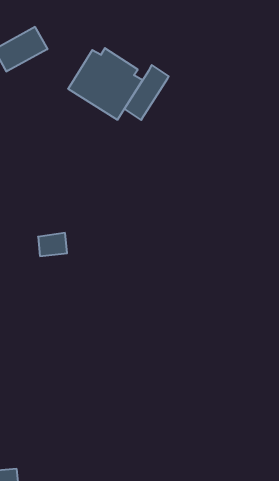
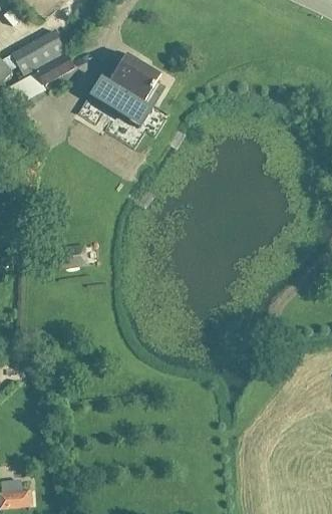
building: none -> [25,52,74,85]
building: [124,65,169,120] -> none

